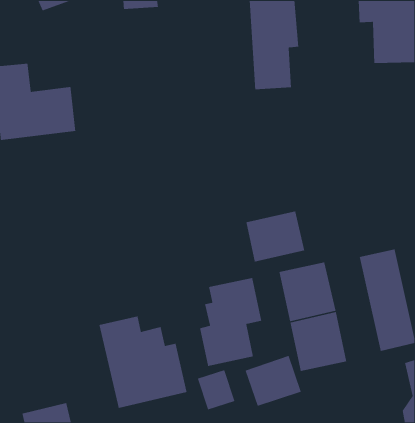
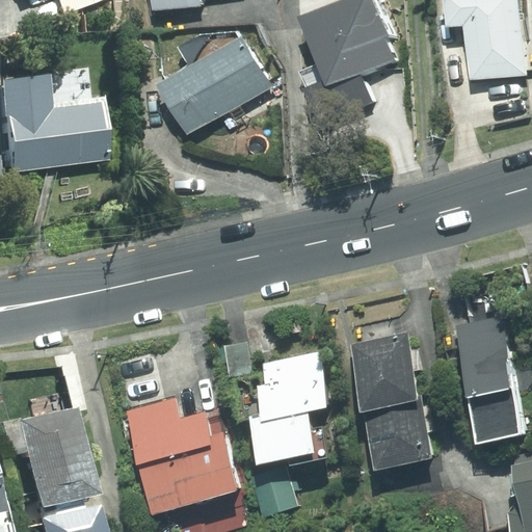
building: none -> [163,42,274,137]
building: [246,211,305,262] -> none
building: none -> [4,405,80,507]
building: [244,355,302,407] -> none

